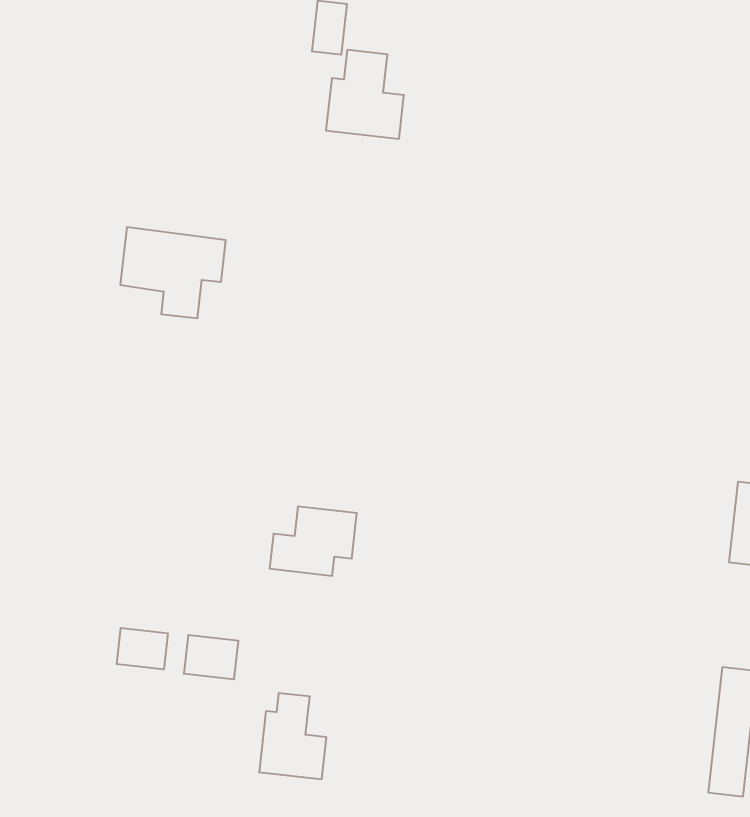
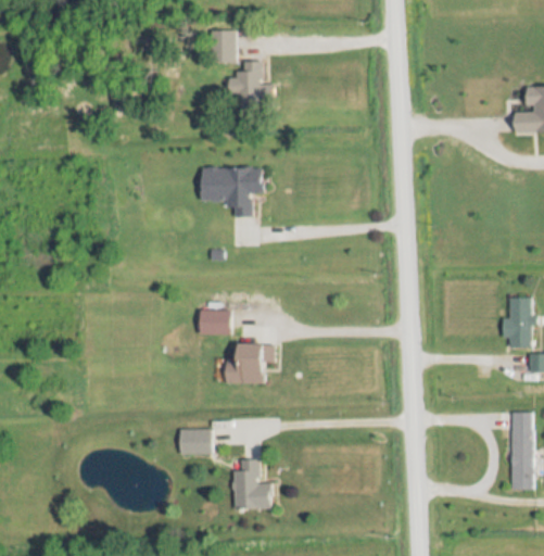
building: [120,227,226,318] -> [201,165,263,216]
building: none -> [198,311,230,336]
building: [117,628,168,670] -> none

